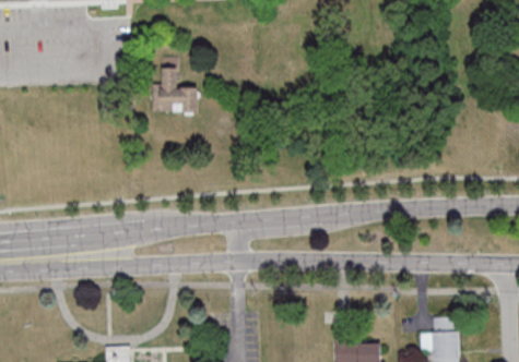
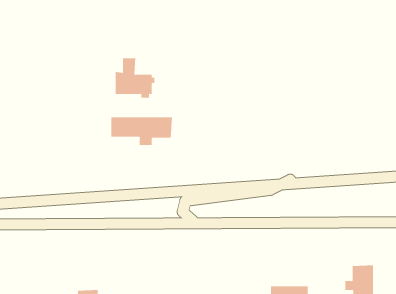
building: none -> [111,116,172,146]

